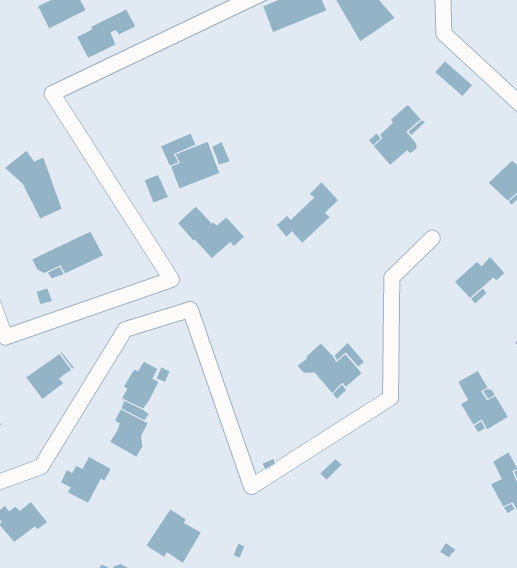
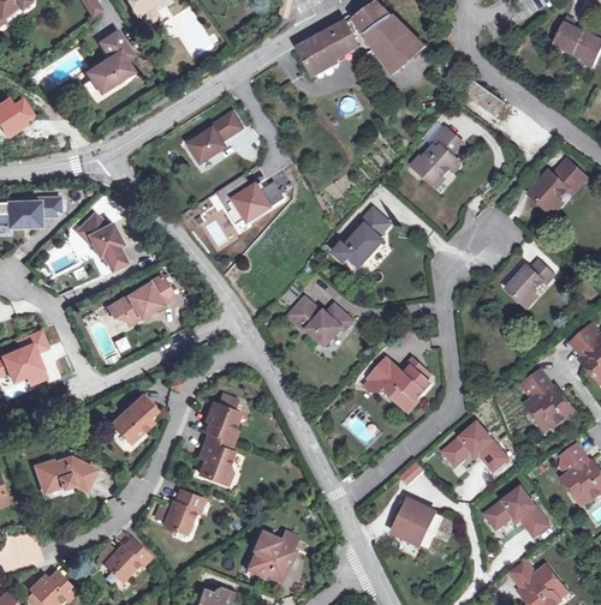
building: [76,9,136,59] -> [186,114,242,164]
building: [177,206,245,259] -> [288,298,353,346]
building: none -> [441,421,506,469]
building: none -> [392,499,435,546]
building: none -> [484,487,548,537]

